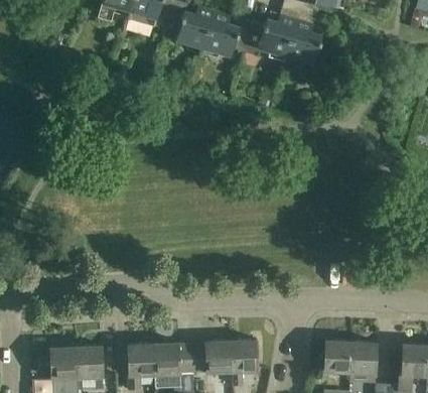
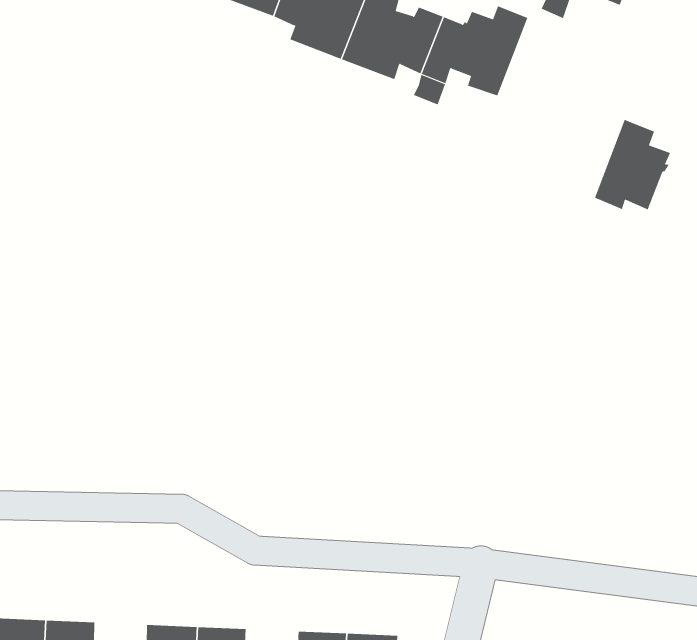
building: [285,19,322,66] -> [594,119,671,210]

